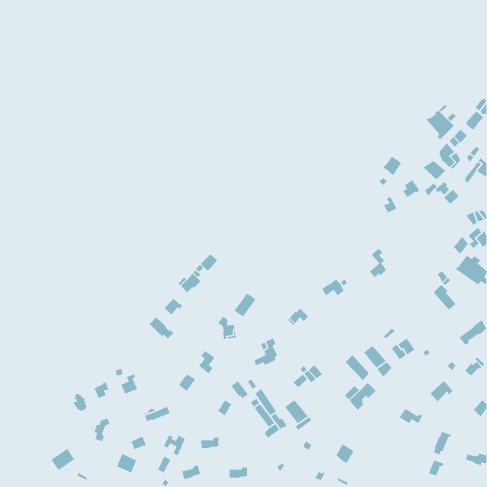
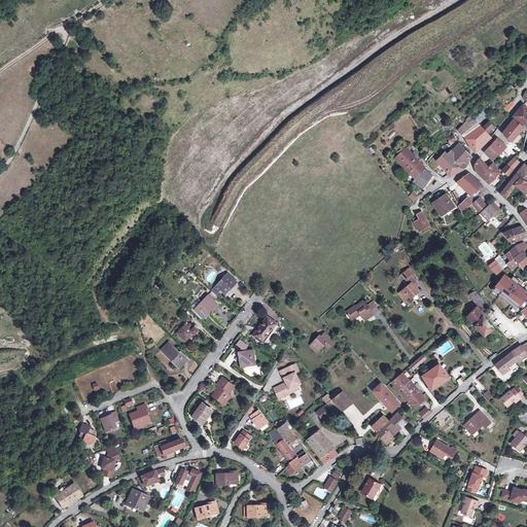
building: none -> [436,142,472,176]
building: none -> [395,147,424,178]

